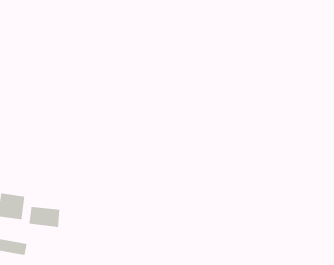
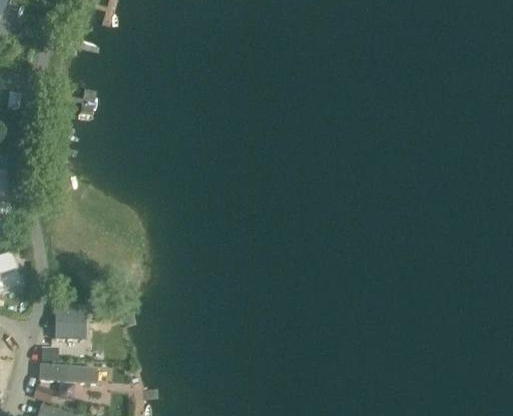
building: [29,206,60,228] -> none

